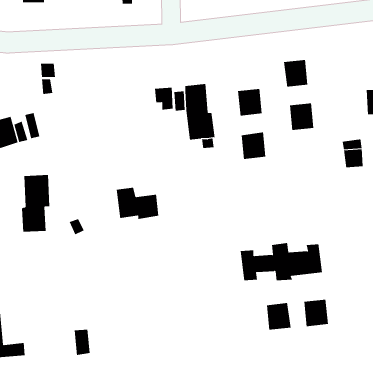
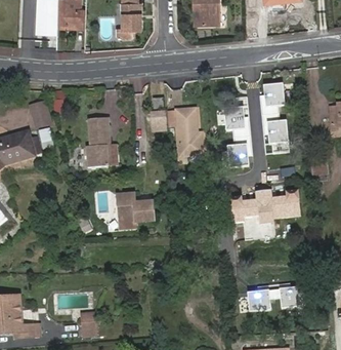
building: none -> [28,101,51,128]
building: [21,174,50,232] -> [85,117,110,166]
building: [240,242,323,281] -> [229,191,300,224]

